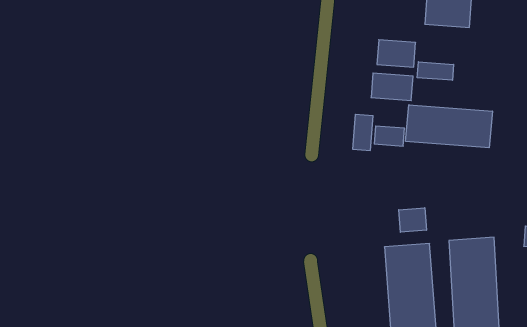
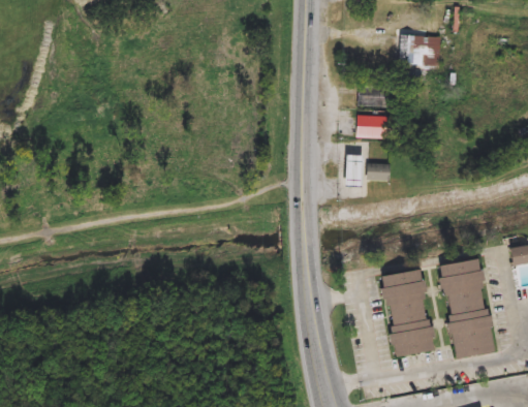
building: [417,62,454,80] -> none
building: [406,105,492,148] -> none
building: [399,208,426,232] -> none

